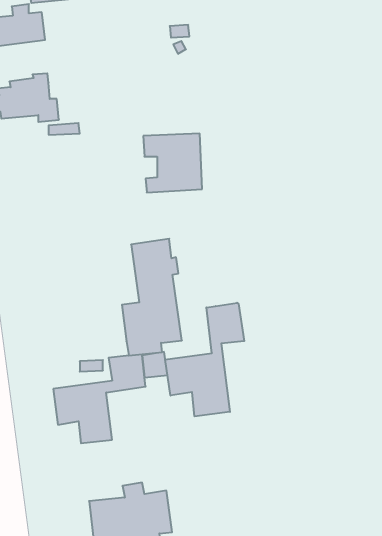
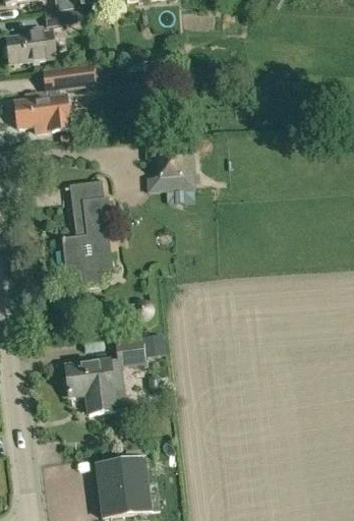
building: none -> [43,64,95,89]
building: [122,239,182,356] -> [60,179,113,282]
building: [165,303,244,416] -> none

